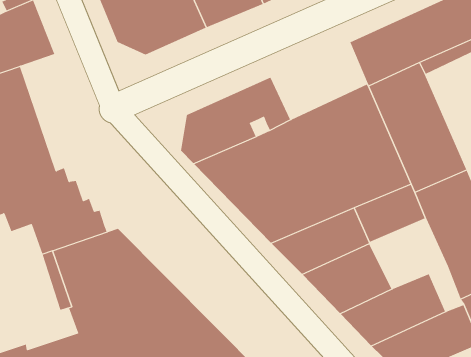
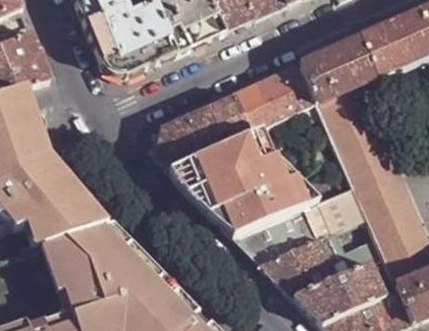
building: none -> [234,61,317,127]
building: none -> [319,212,385,272]

